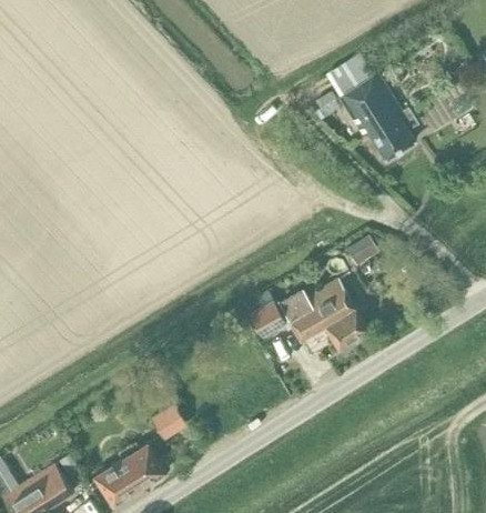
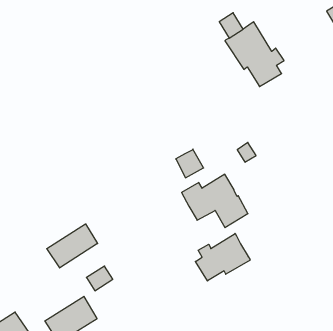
building: [249,299,286,338] -> [176,149,204,178]
building: none -> [47,224,98,268]
building: none -> [195,233,250,281]

